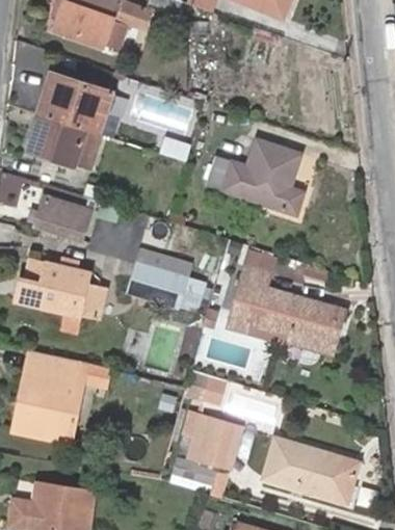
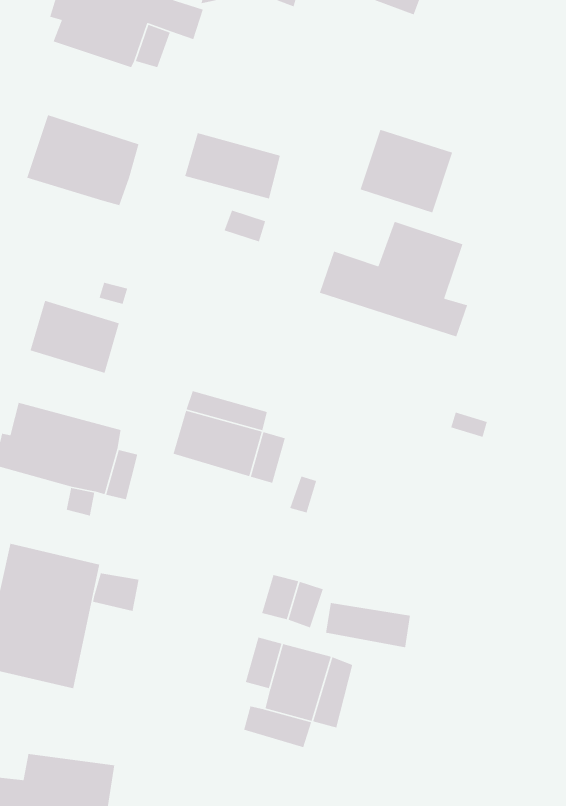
building: none -> [360,129,453,214]
building: [25,118,100,173] -> none
building: [228,262,343,357] -> none
building: [271,440,365,497] -> none

